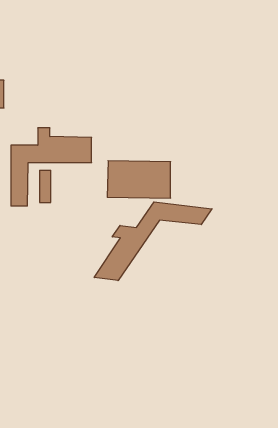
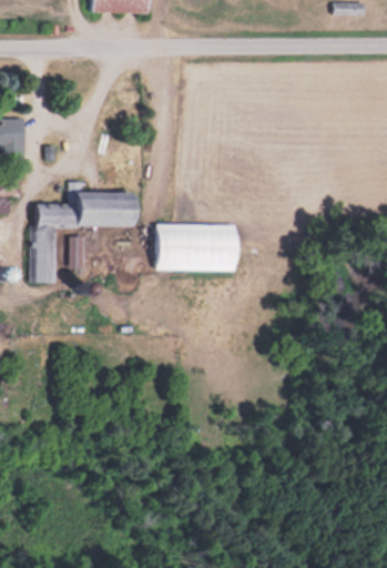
building: [94,202,212,281] -> none

